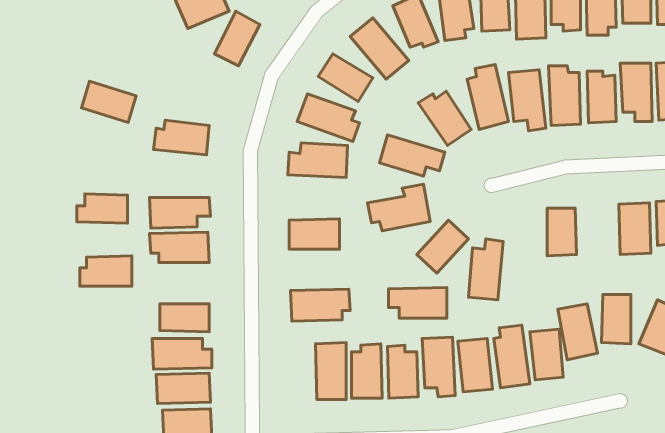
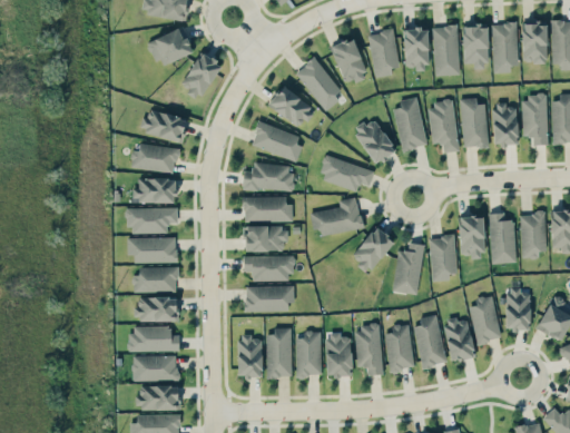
building: [82,81,136,123] -> [141,108,187,142]
building: none -> [243,196,293,222]
building: [77,194,127,223] -> [132,178,175,203]
building: none -> [490,213,517,263]
building: none -> [430,236,456,281]
building: [80,256,132,286] -> [134,266,177,292]
building: [388,288,447,318] -> [244,255,293,281]
building: none -> [238,336,263,376]

